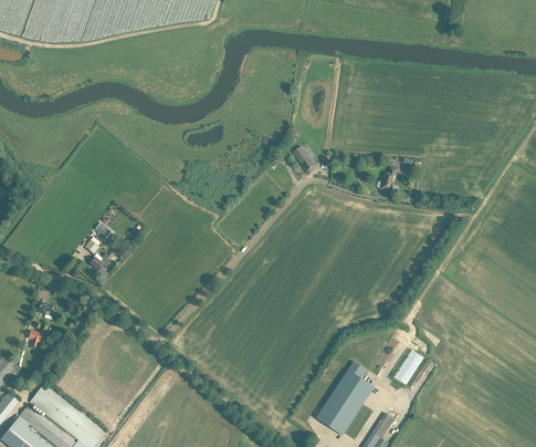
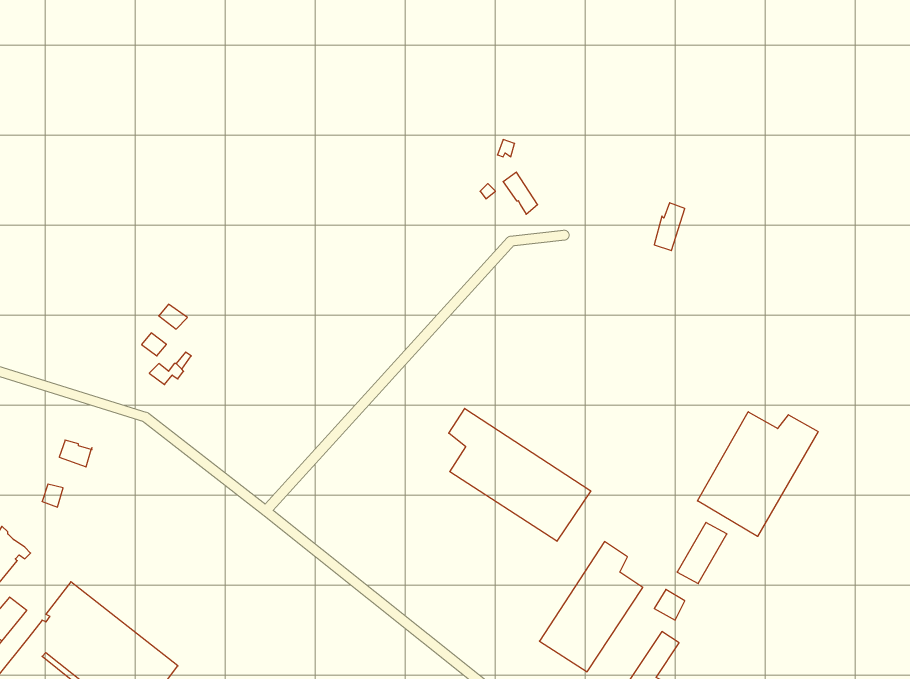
building: none -> [449,408,591,541]
building: none -> [697,412,818,536]

